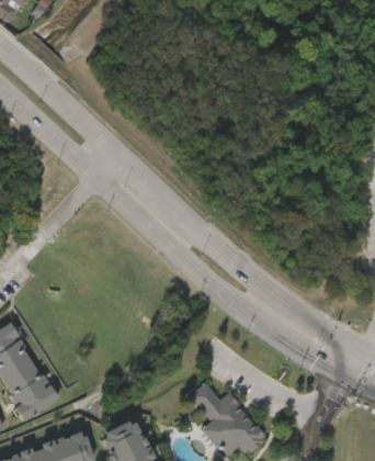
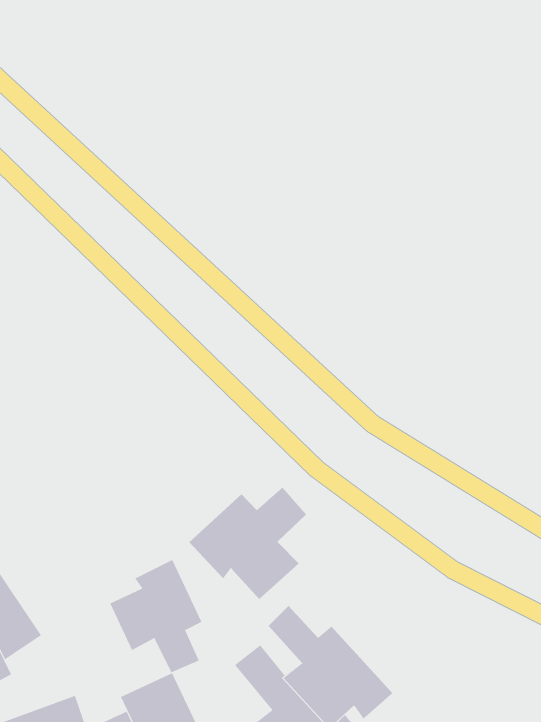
building: none -> [188,487,307,600]
building: none -> [110,559,202,673]

